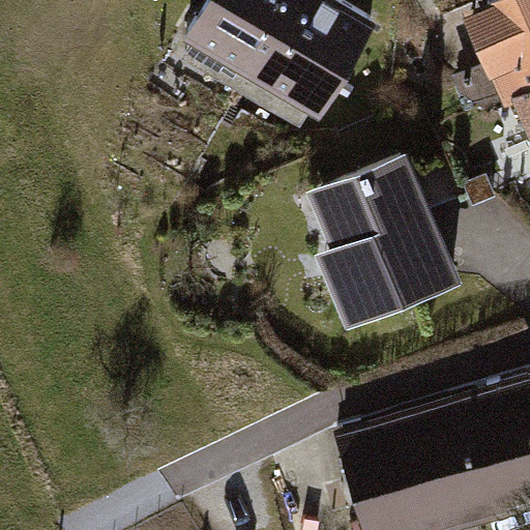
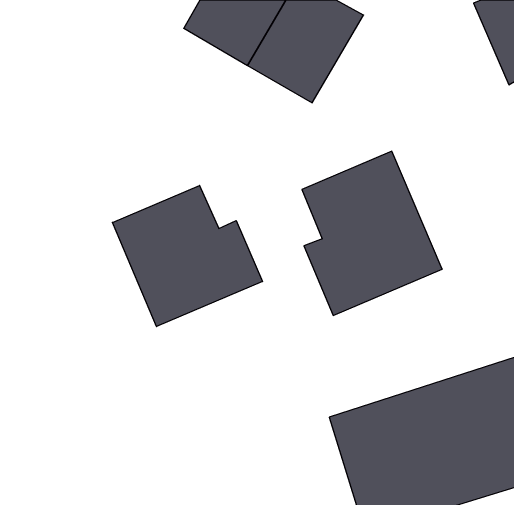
building: none -> [112,185,262,327]

